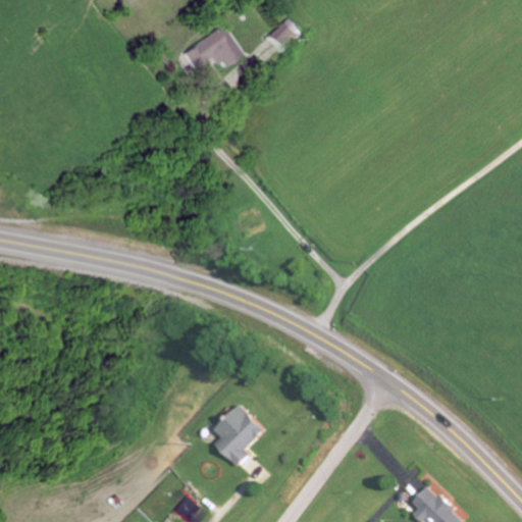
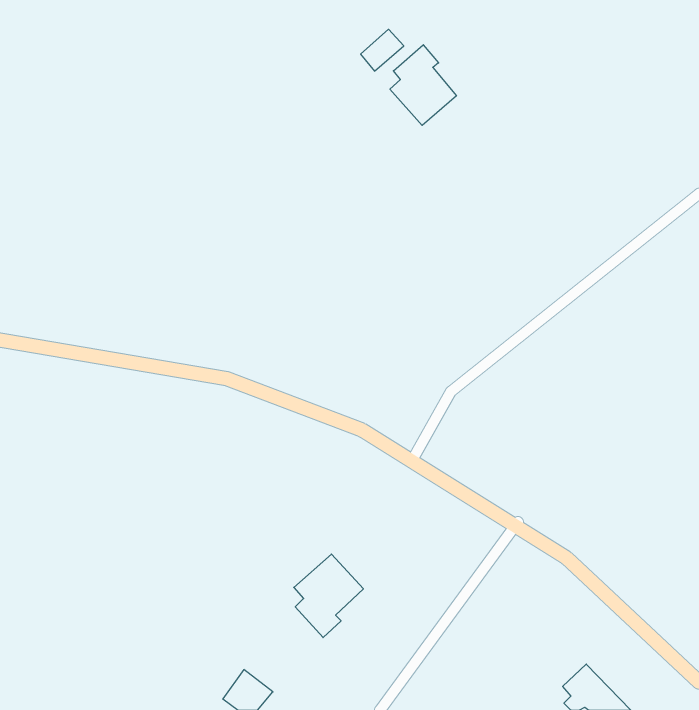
building: [175,27,236,69] -> none
building: none -> [390,45,456,125]

